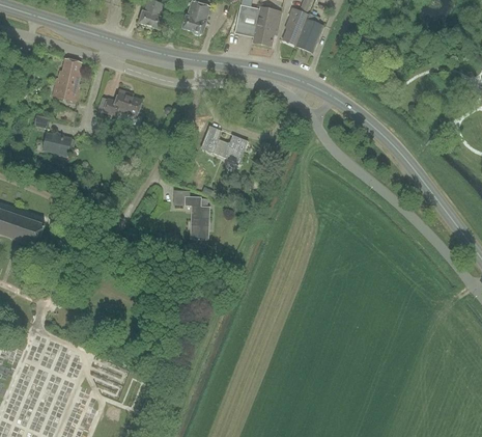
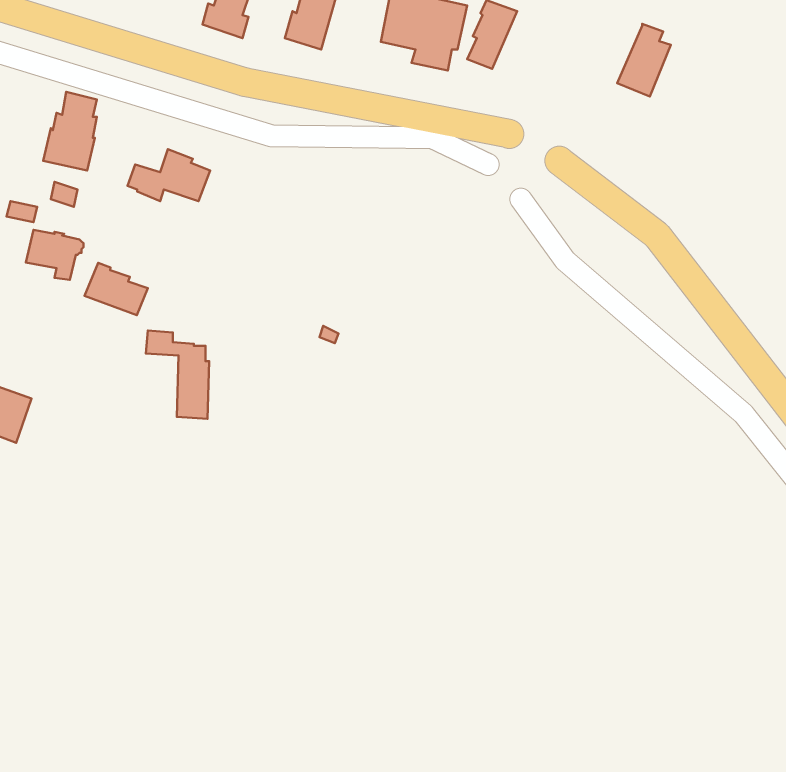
building: [294,12,323,52] -> [617,24,671,97]
building: [200,125,248,159] -> none
building: none -> [84,263,148,315]
building: [174,190,208,238] -> [146,331,209,419]

